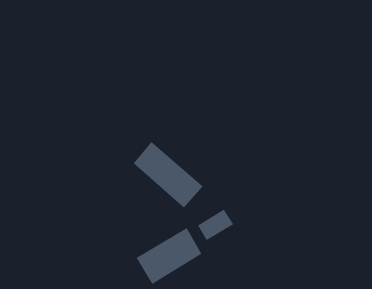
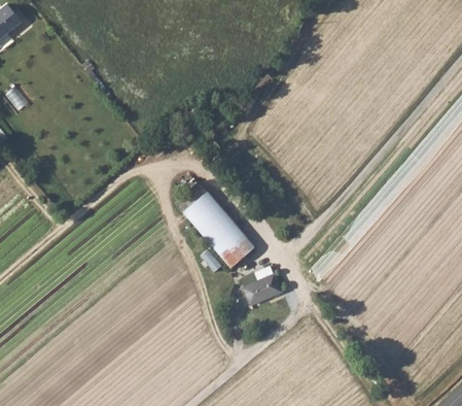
building: [136,227,202,285] -> none

